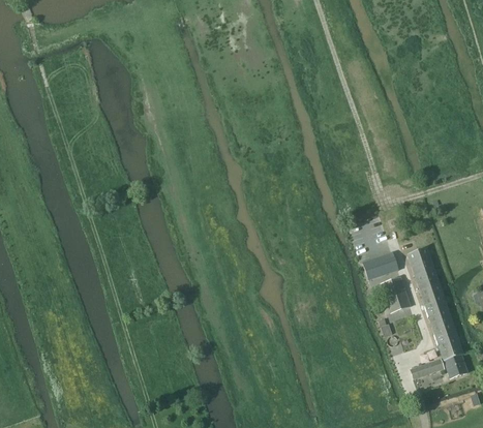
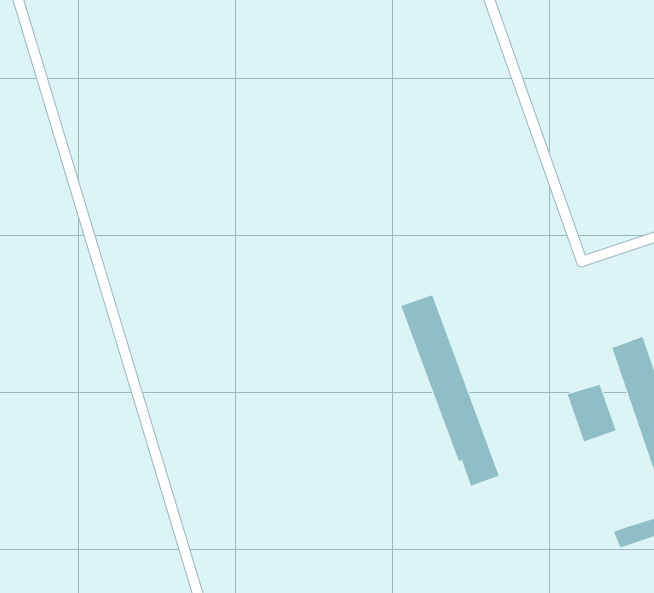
building: none -> [400,294,499,487]
building: [361,253,398,283] -> none

